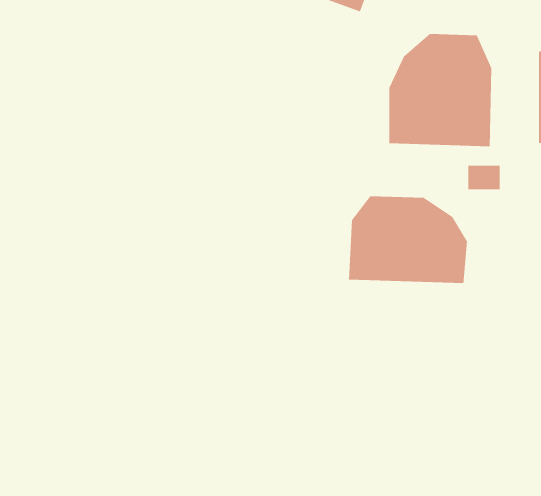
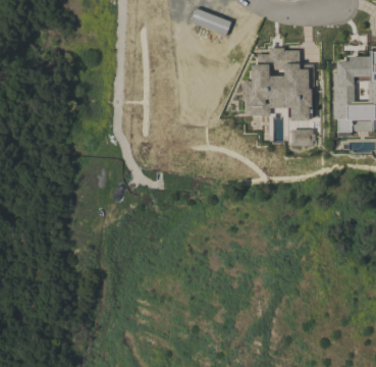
building: [348,195,467,284] -> none

